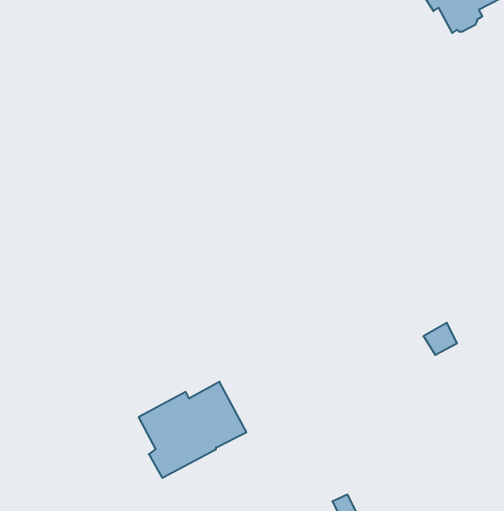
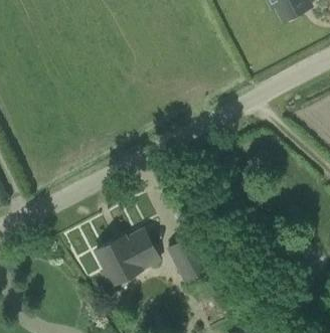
building: none -> [168,237,209,285]

